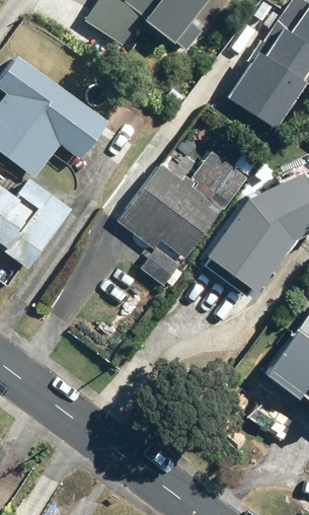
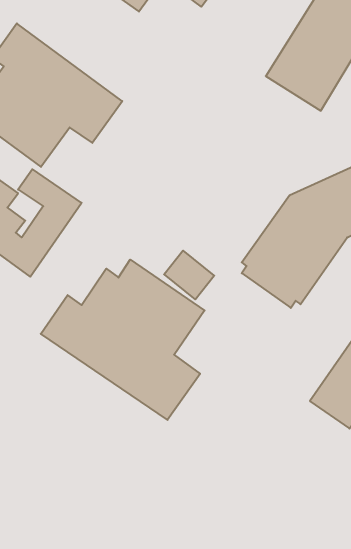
building: [120,150,248,259] -> none
building: none -> [41,260,205,420]

